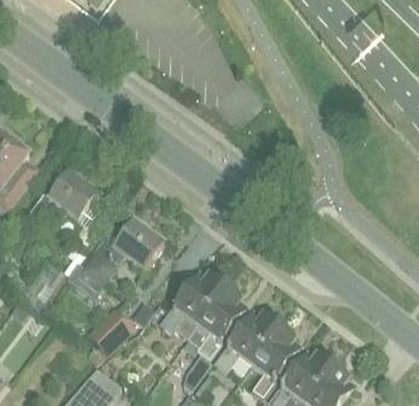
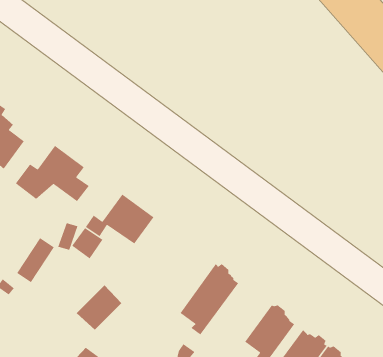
building: [159,275,220,337] -> none
building: [213,313,275,372] -> none

